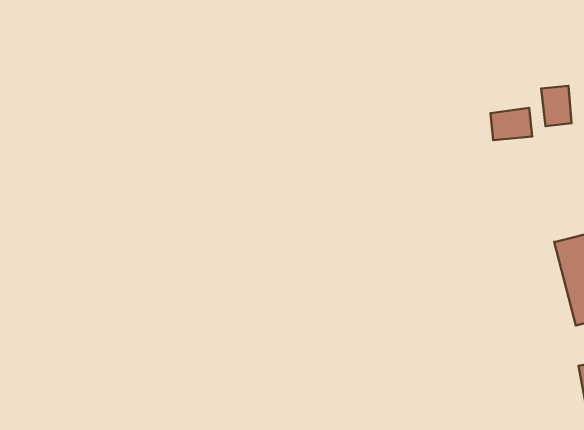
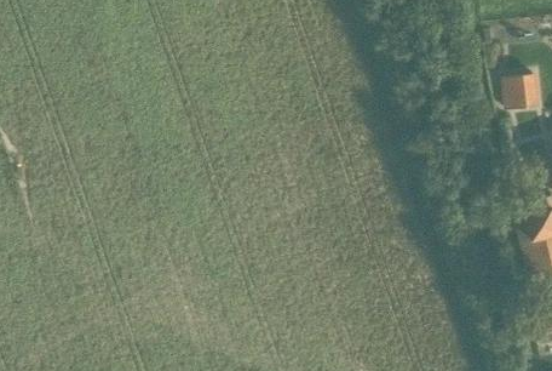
building: [490,108,532,140] -> none

